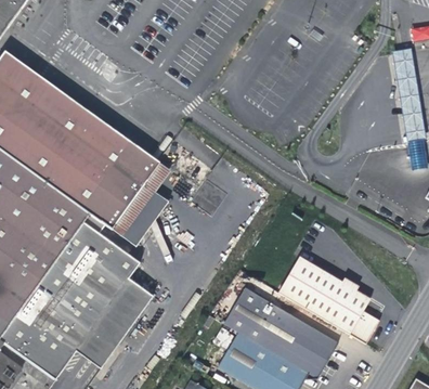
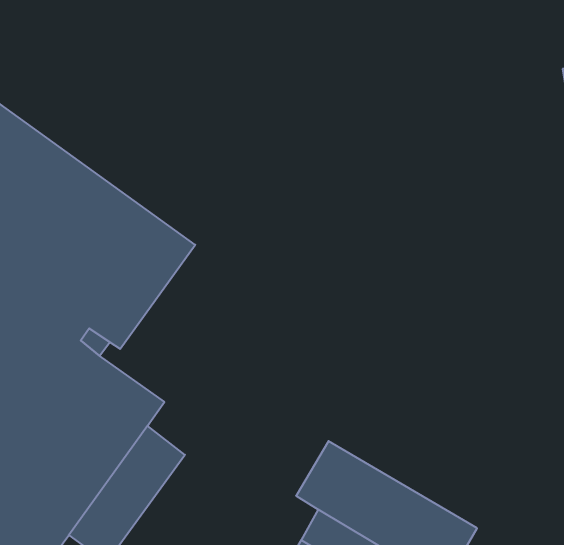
building: [112,163,170,246] -> none
building: [278,256,379,343] -> none

